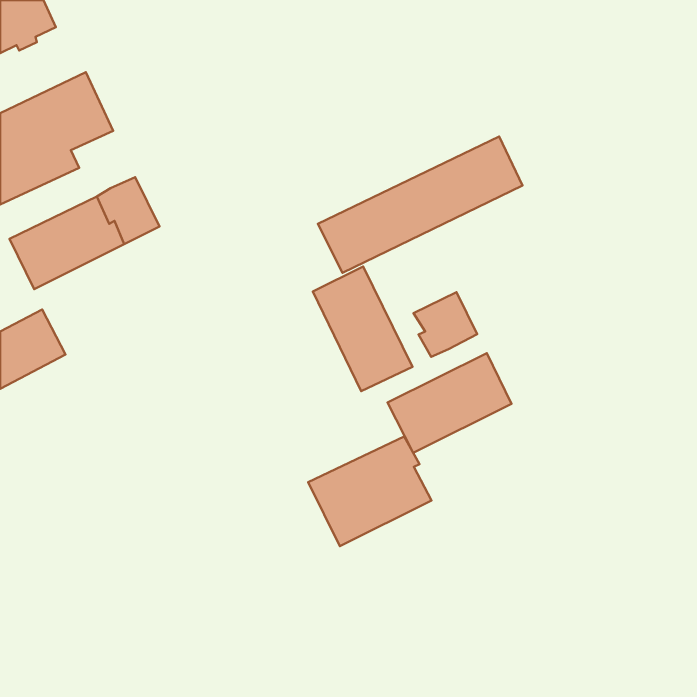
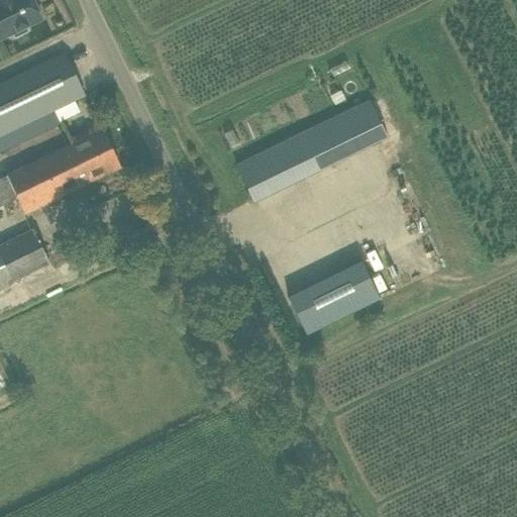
building: [313,267,412,391] -> none
building: [414,292,477,357] -> none
building: [308,436,431,546] -> none

